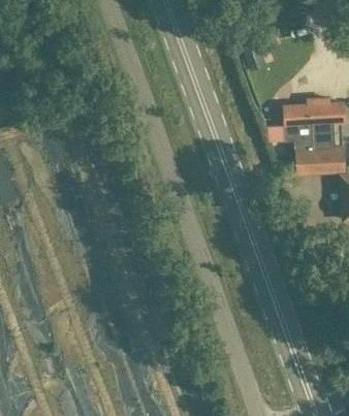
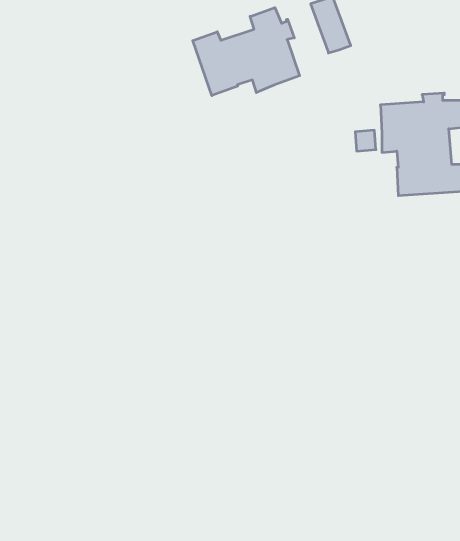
building: none -> [193,8,300,96]

